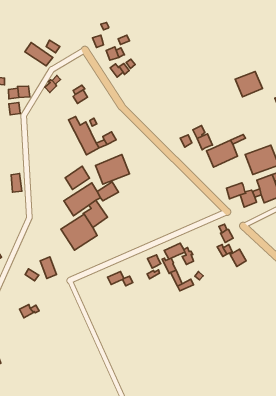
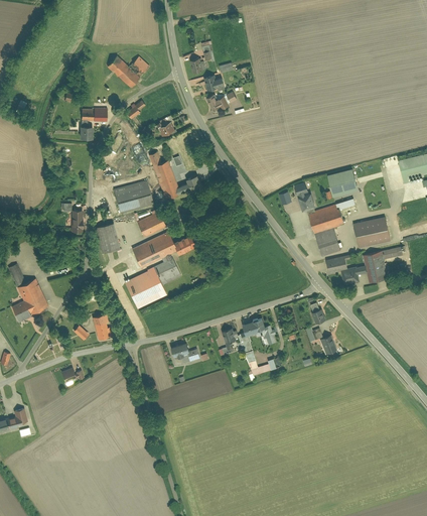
building: [235,72,263,97] -> [327,168,359,197]
building: [95,155,130,184] -> [113,180,152,213]
building: none -> [313,227,340,255]
building: none -> [95,223,120,253]

